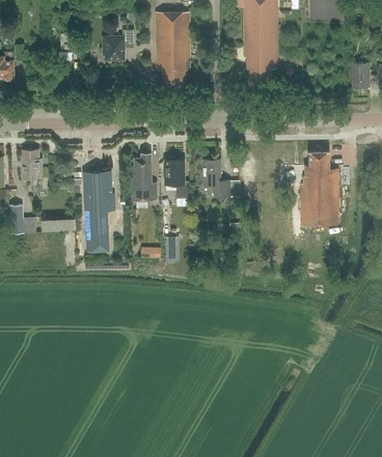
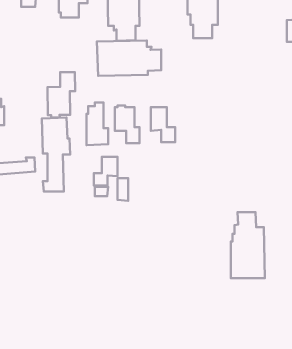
building: none -> [97,41,161,76]
building: none -> [47,72,75,117]
building: [301,151,338,224] -> [231,212,265,278]
building: none -> [94,157,118,185]

